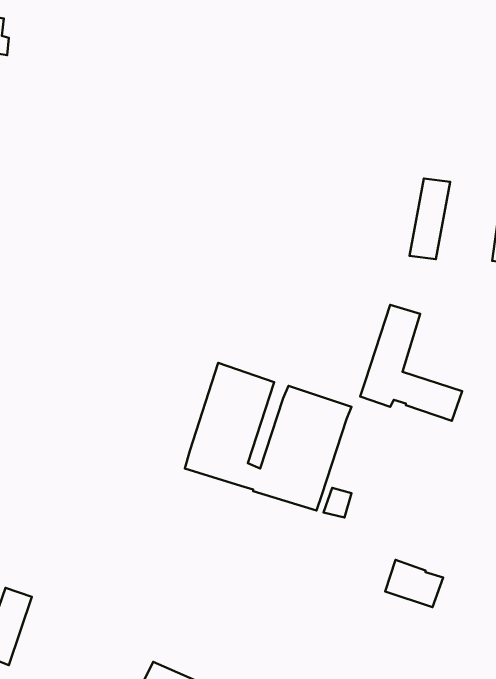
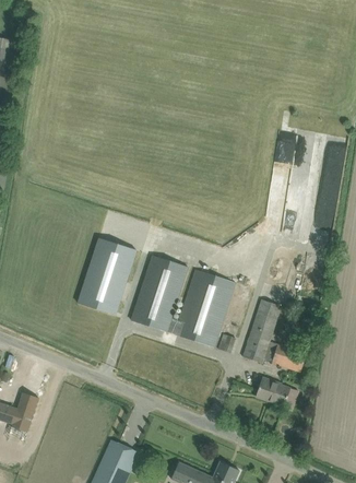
building: [360,305,462,421] -> [242,299,306,372]
building: none -> [76,236,135,315]

